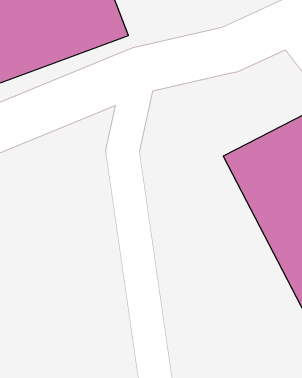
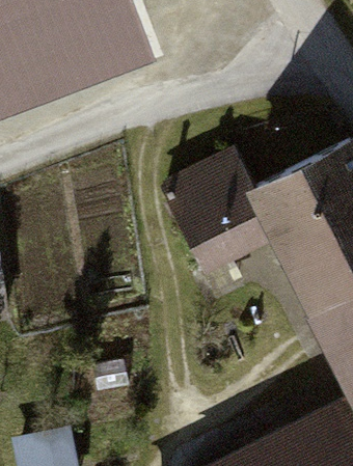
building: none -> [174,167,252,259]

